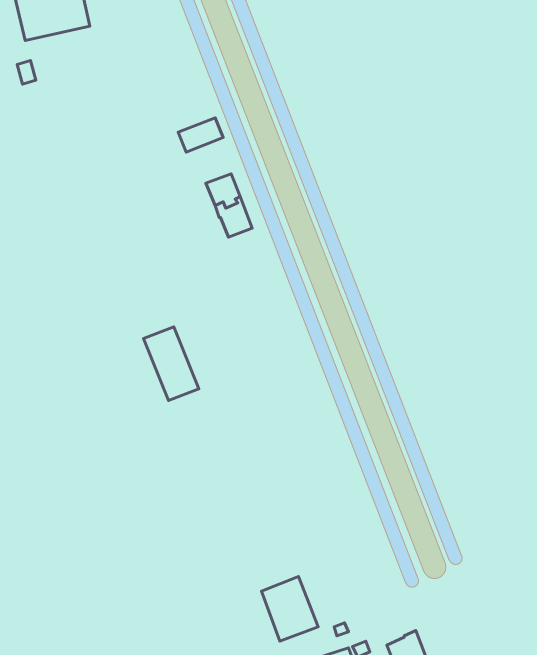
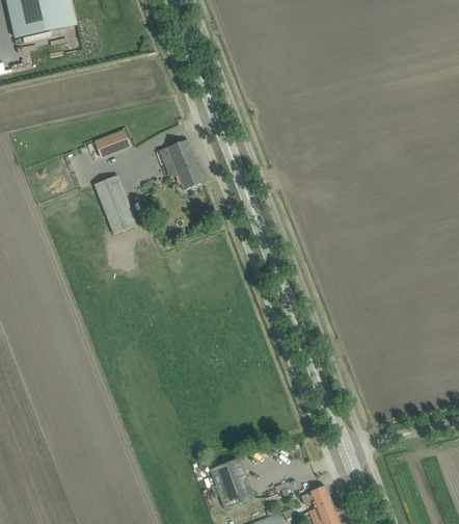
building: [178,118,223,152] -> [93,130,129,157]
building: [144,327,199,401] -> [92,176,136,234]
building: none -> [299,486,330,512]

